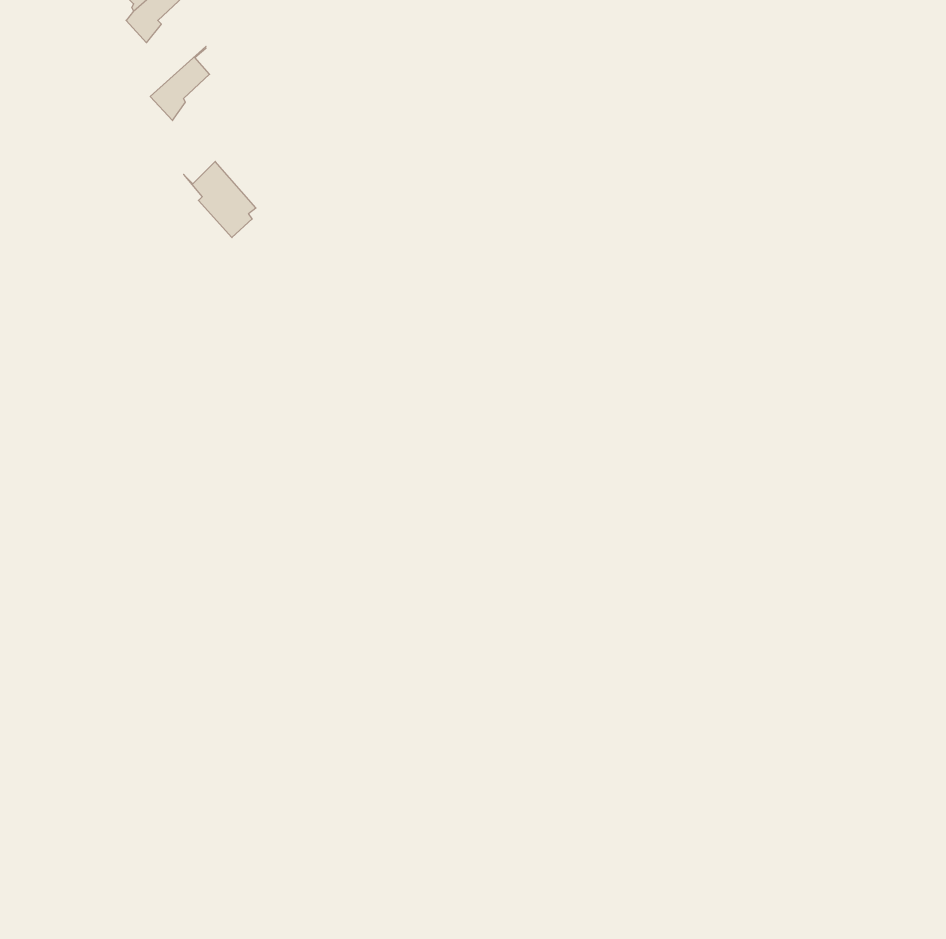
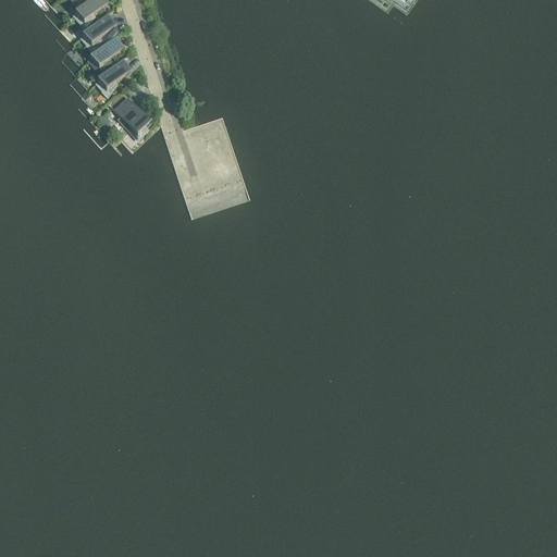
building: none -> [82,5,115,48]
building: none -> [96,50,131,92]

